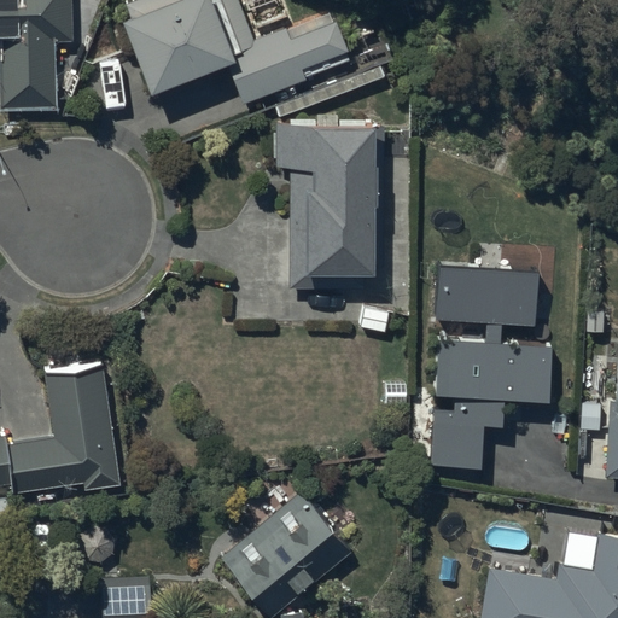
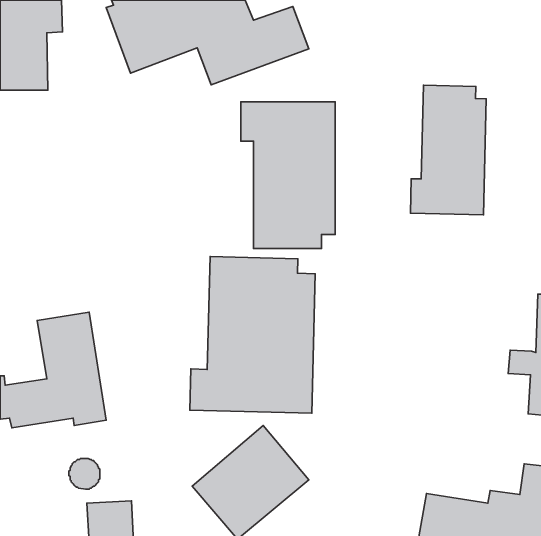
building: none -> [410,85,486,215]
building: [433,263,548,466] -> none
building: none -> [190,257,315,413]

